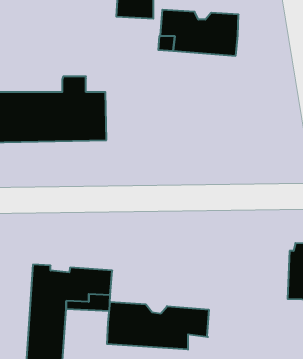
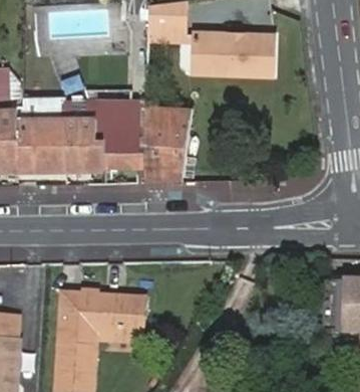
building: none -> [116,101,189,183]
building: [107,302,209,350] -> none

